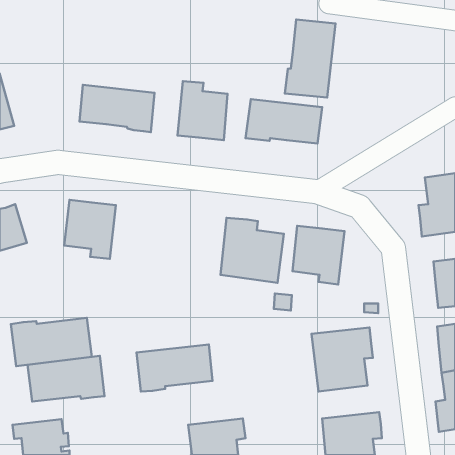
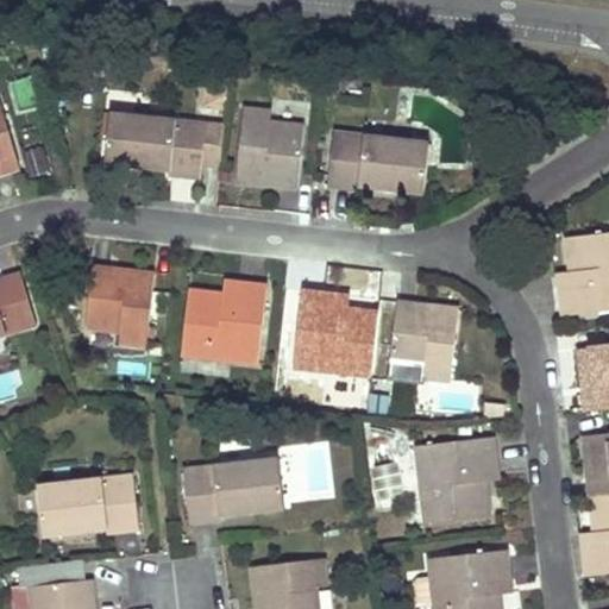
building: [285,20,336,97] -> none
building: none -> [182,281,268,363]
building: [11,318,92,366] -> none

